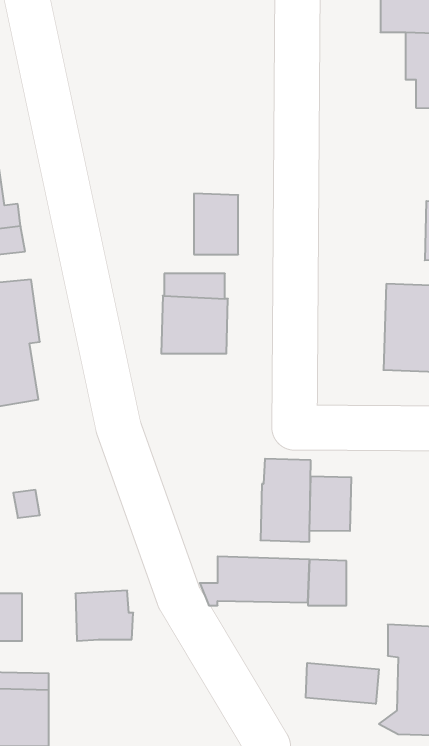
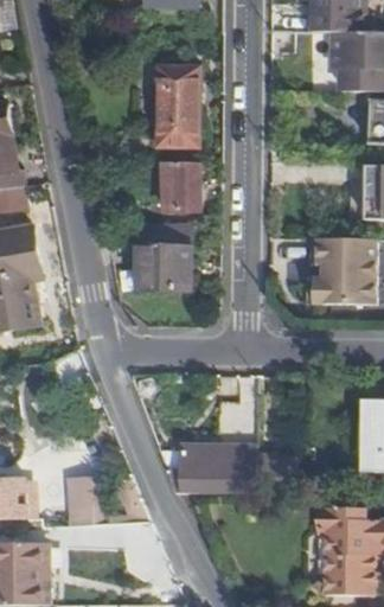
building: none -> [160,70,198,146]
building: [310,476,351,531] -> none
building: [306,663,379,704] -> none

